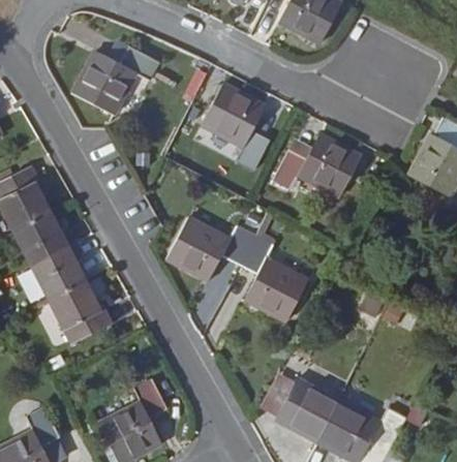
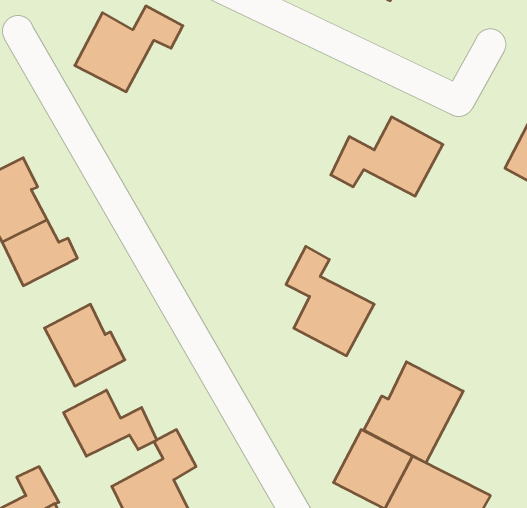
building: [202,85,270,170] -> none
building: [165,217,253,279] -> none
building: [32,244,85,299] -> none
building: none -> [364,362,463,463]
building: none -> [64,390,157,456]

